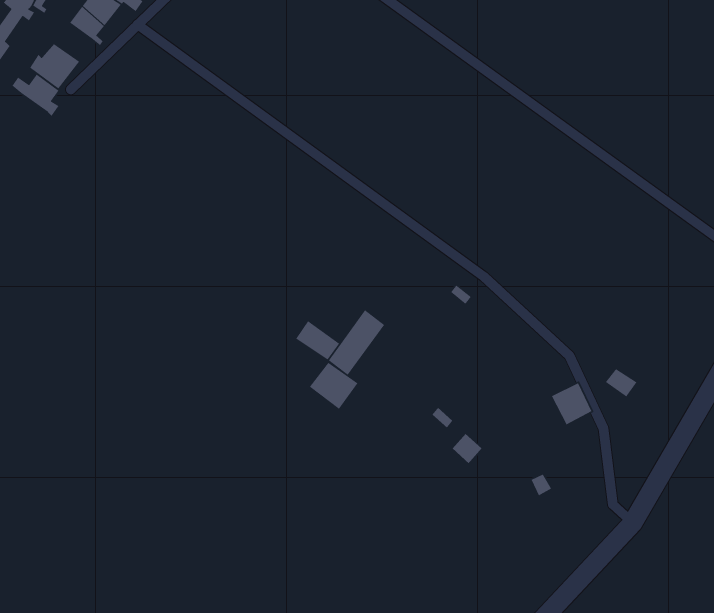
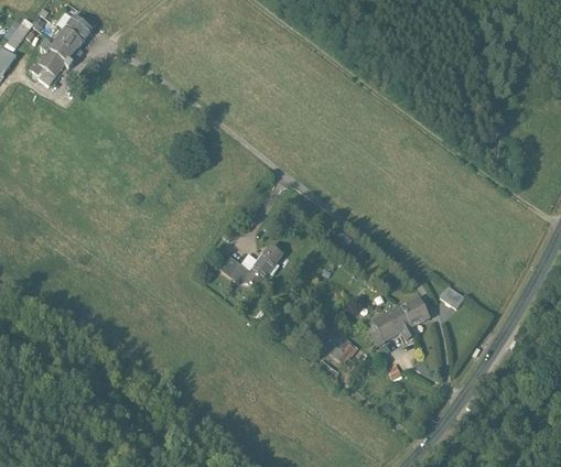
building: [12,73,60,117] -> [39,41,73,72]
building: [309,362,358,410] -> none
building: none -> [370,306,413,341]

